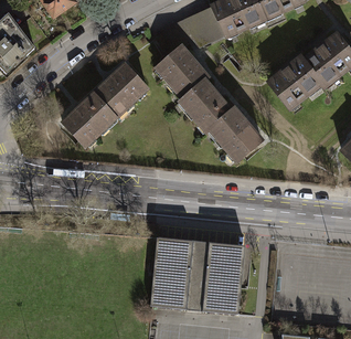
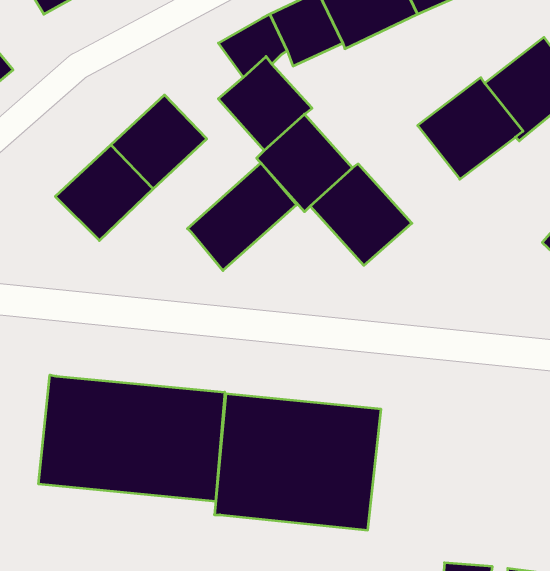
building: none -> [187,163,296,271]
building: none -> [39,375,225,502]

